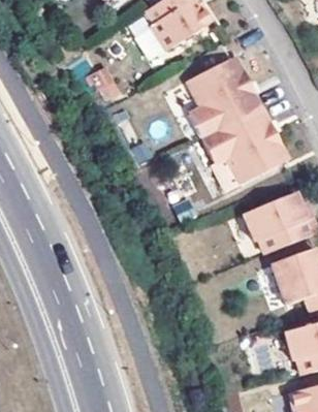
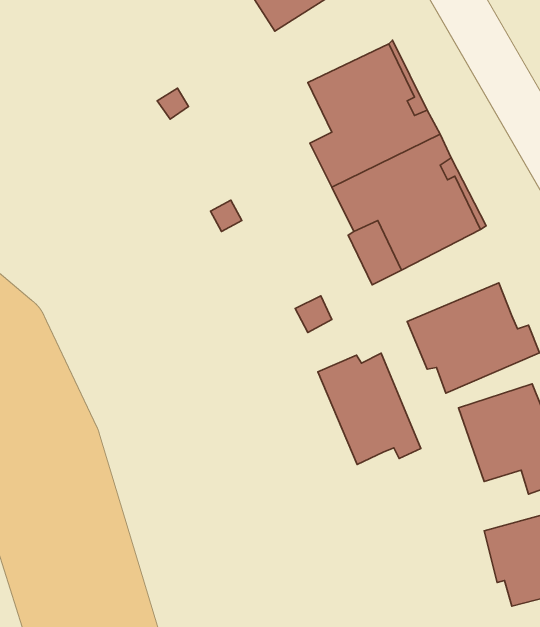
building: none -> [318,353,421,464]

